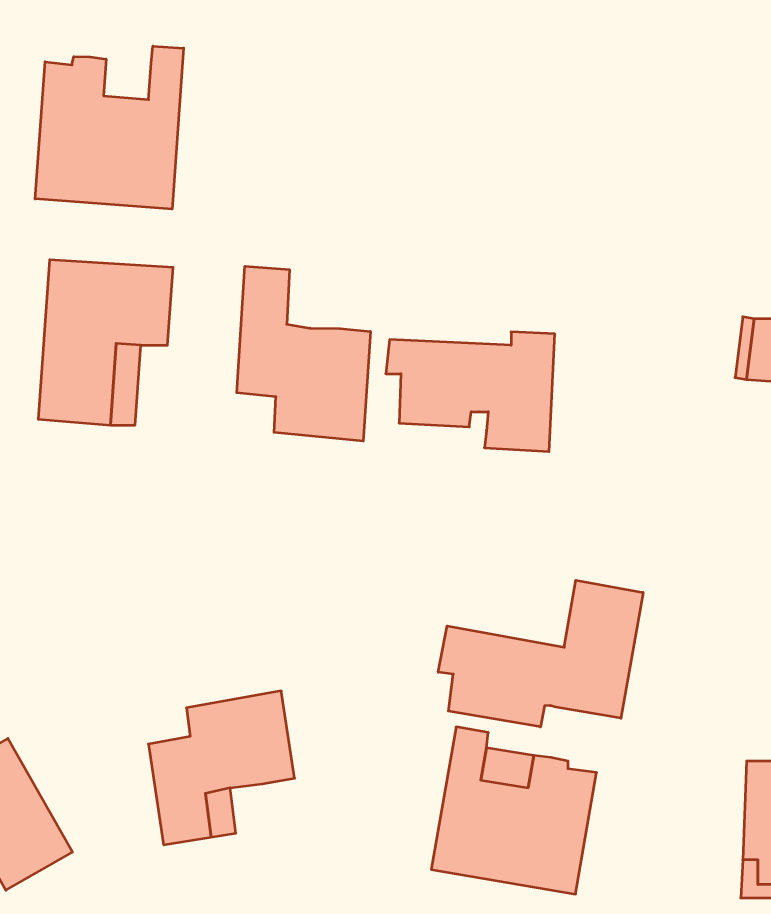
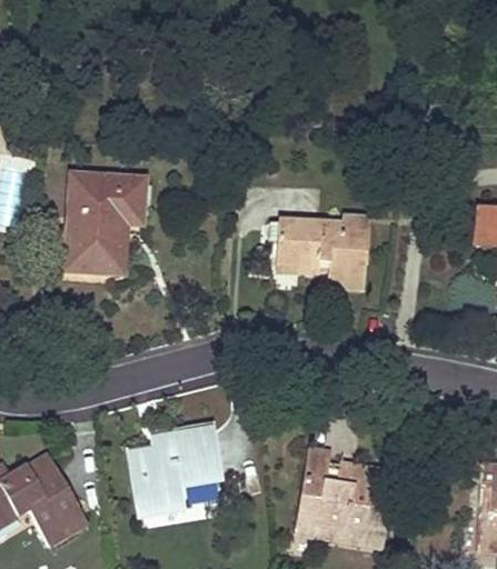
building: [35,46,184,209] -> none
building: [237,266,370,441] -> none
building: [438,580,643,727] -> none

